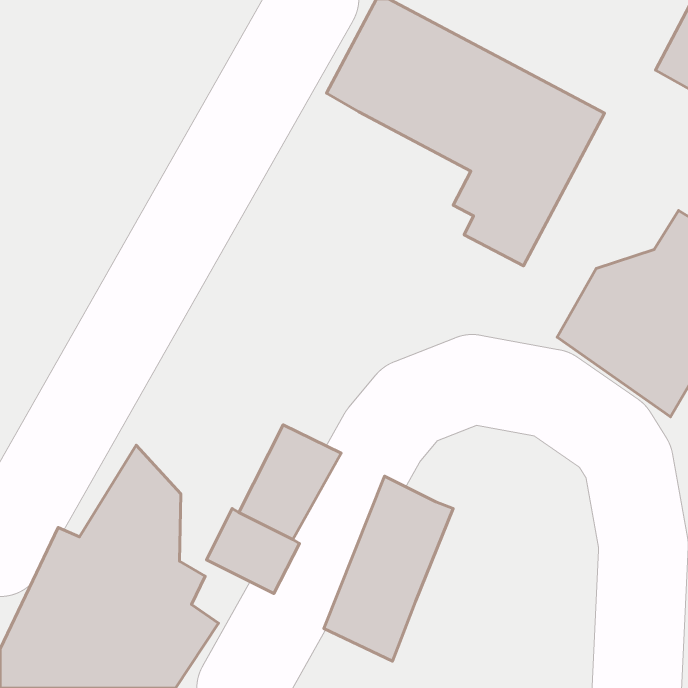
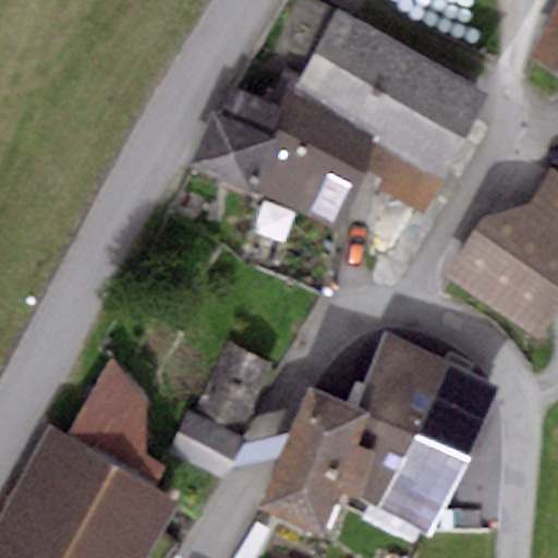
building: none -> [190,87,381,231]
building: none -> [337,335,498,534]

